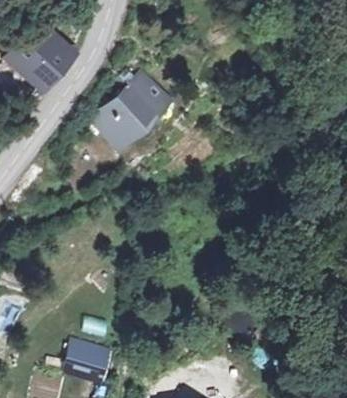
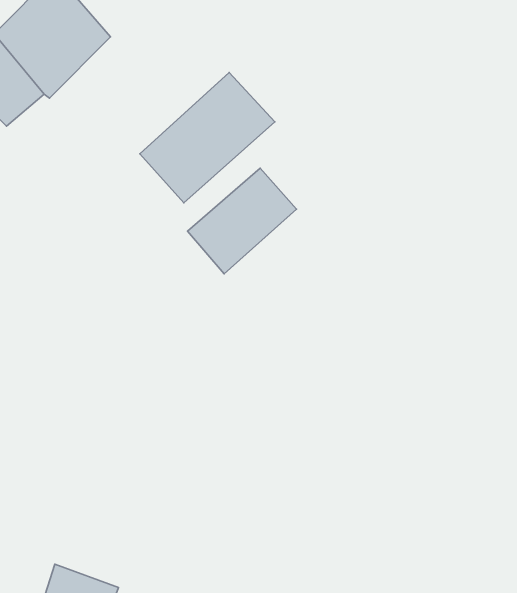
building: none -> [188,168,297,274]

